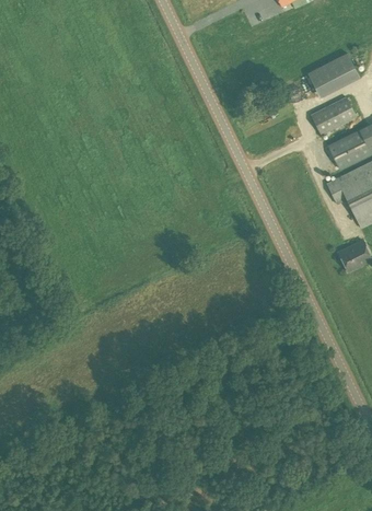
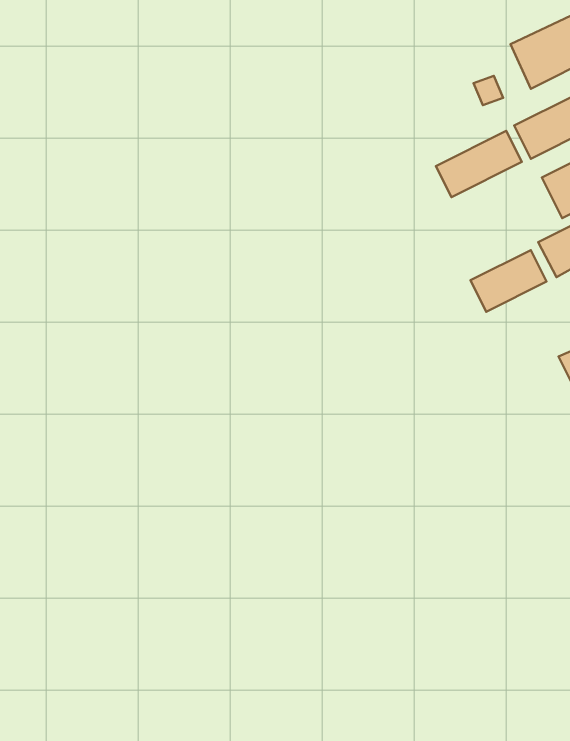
building: none -> [436,131,522,197]
building: none -> [470,250,547,312]

